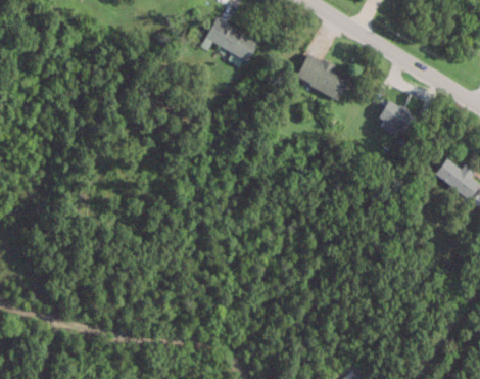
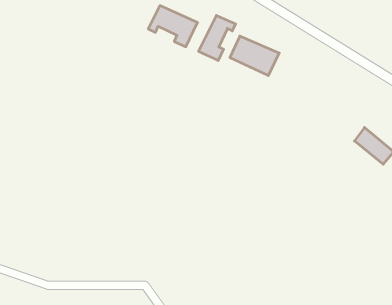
building: none -> [199,15,236,61]
building: [375,99,418,139] -> none

